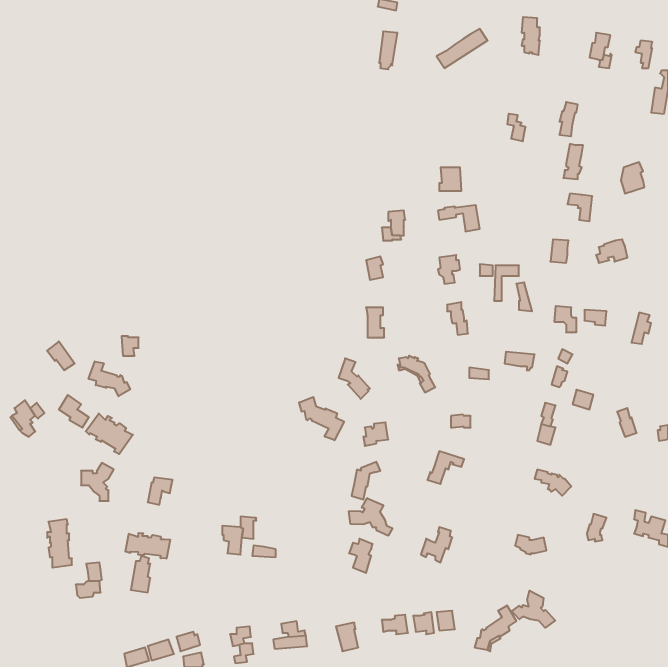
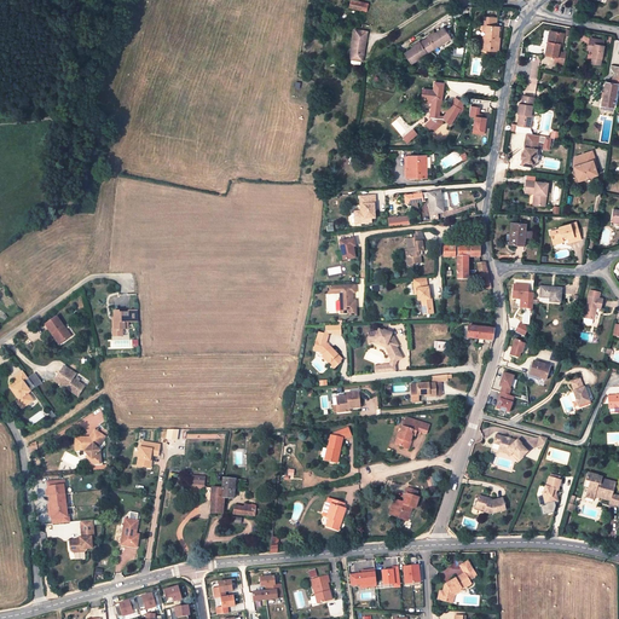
building: none -> [421,88,459,129]
building: [89,361,130,396] -> none
building: [299,397,344,440] -> none
building: [86,413,133,454] -> none
building: [349,498,392,536] -> none
building: [125,533,170,559] -> none
building: [512,591,555,628] -> none

